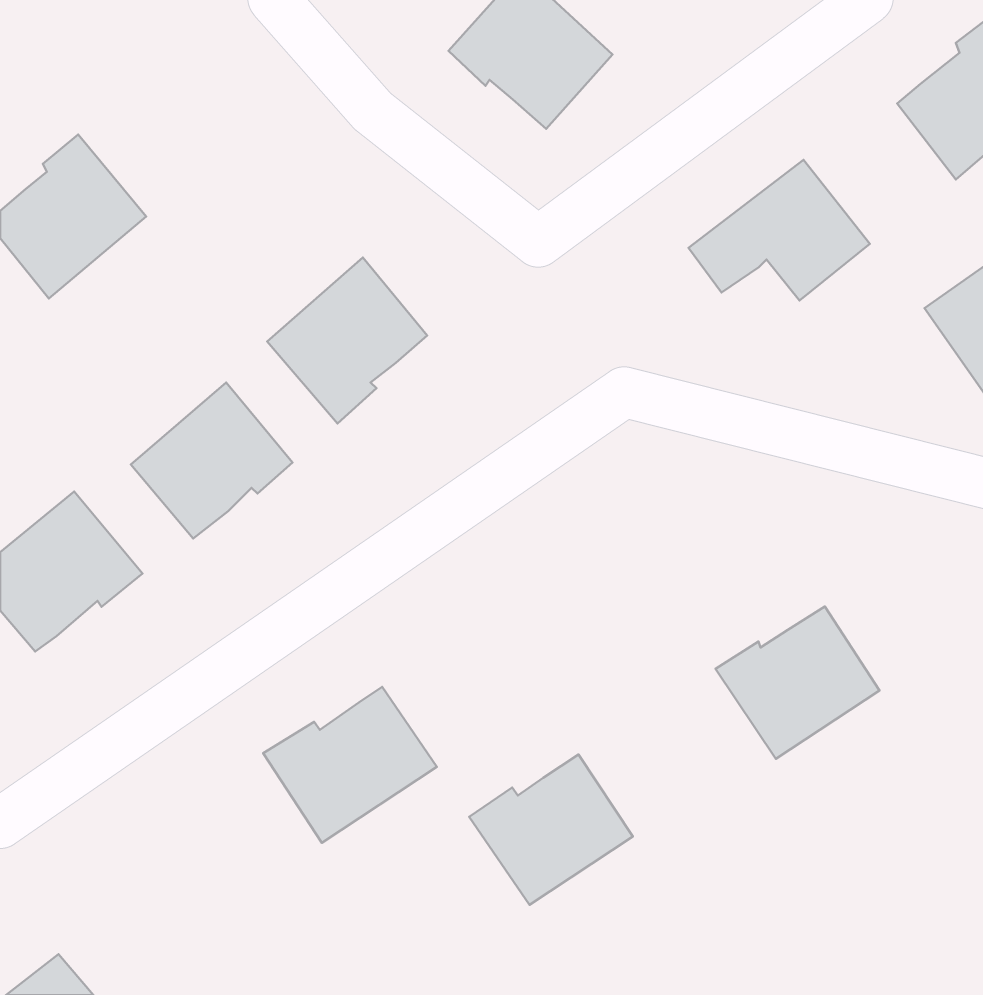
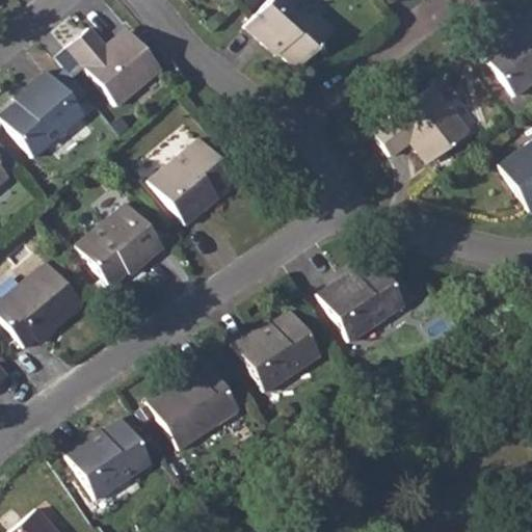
building: none -> [69,29,162,107]
building: [716,606,879,759] -> [318,261,405,342]
building: [469,754,633,905] -> [234,311,321,391]
building: none -> [64,419,151,501]

